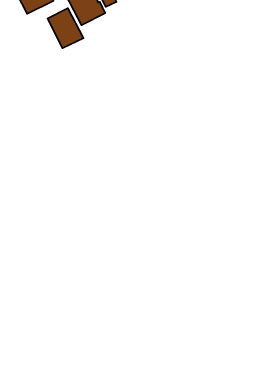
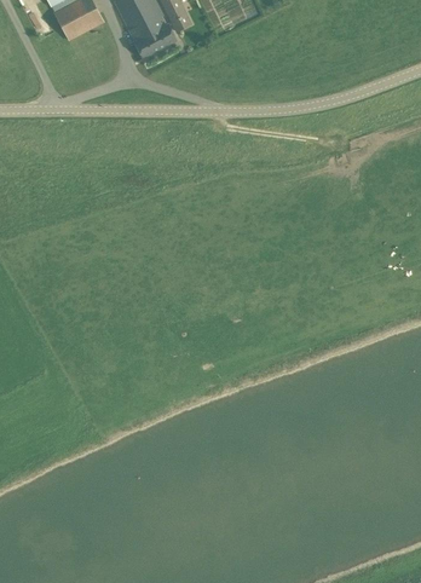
building: [48,8,84,48] -> none

